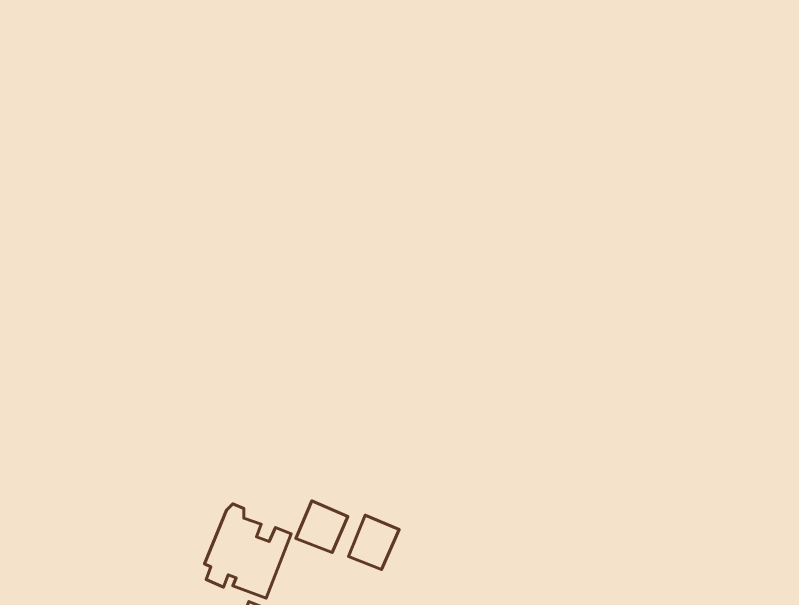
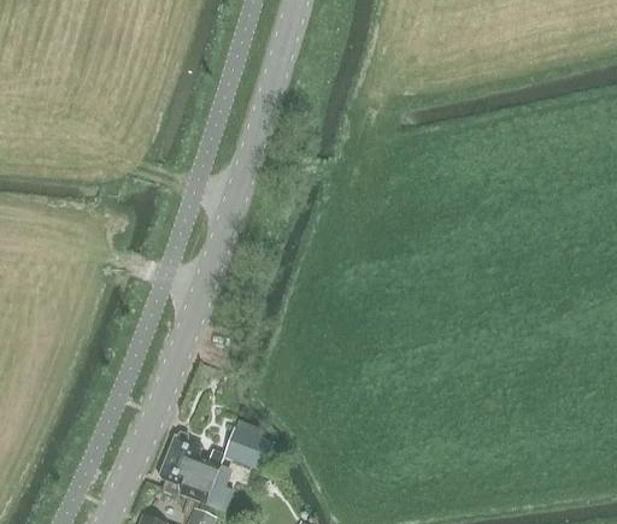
building: [348,515,399,569] -> none

